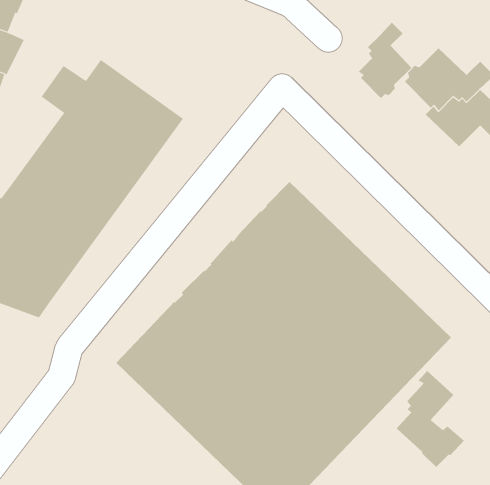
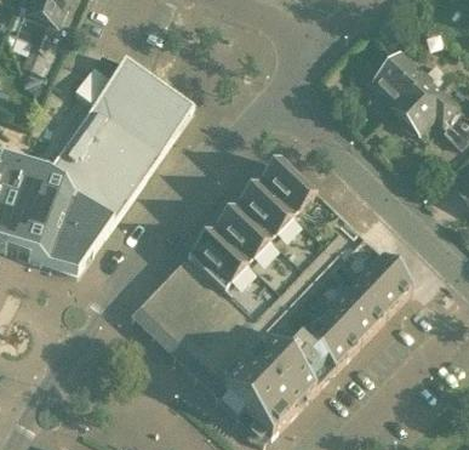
building: [358,22,412,99] -> none
building: [396,370,465,468] -> none

